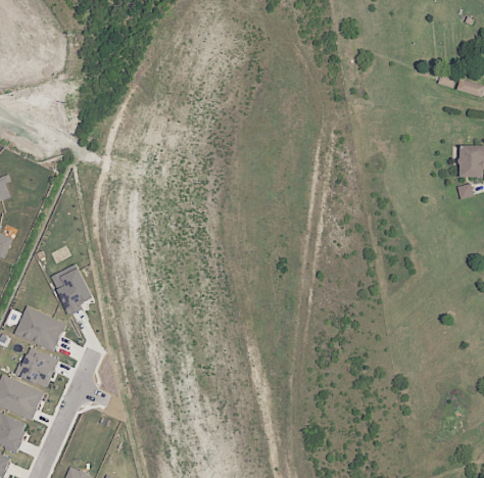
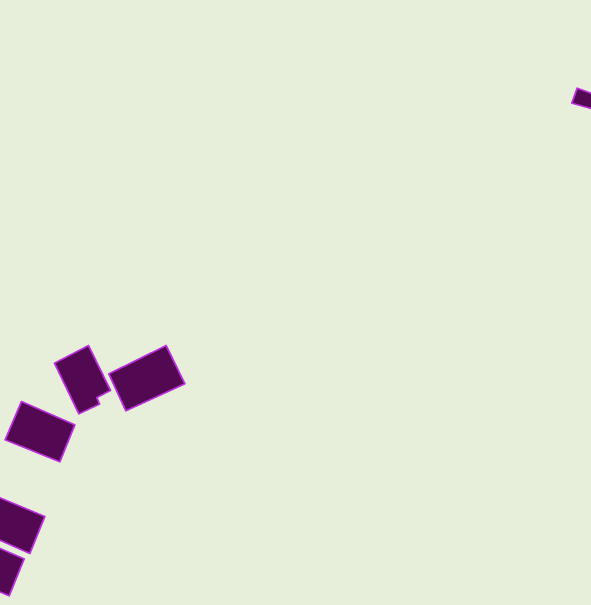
building: none -> [109,346,185,411]
building: [15,351,57,386] -> none

